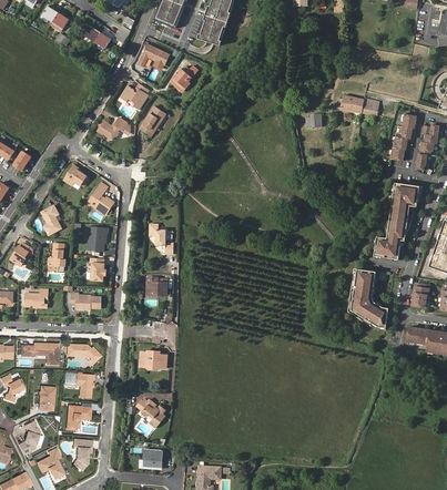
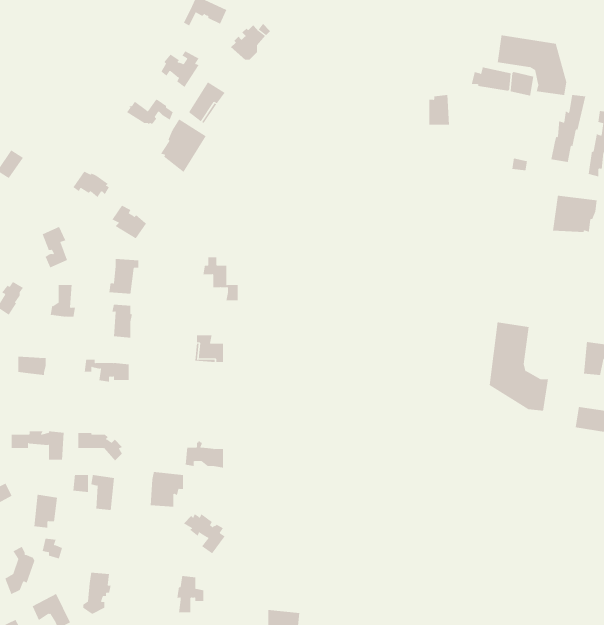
building: none -> [497,35,567,96]
building: none -> [160,118,207,173]
building: [374,207,413,259] -> none
building: [65,406,89,430] -> [150,471,184,507]

